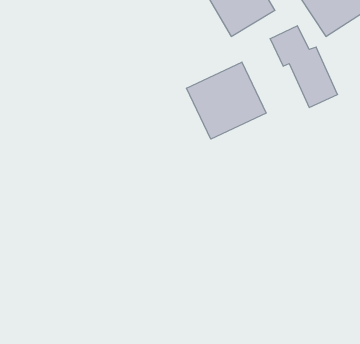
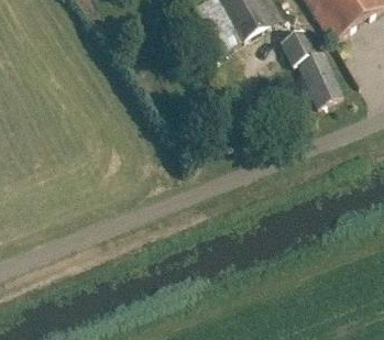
building: [187,62,266,139] -> none

